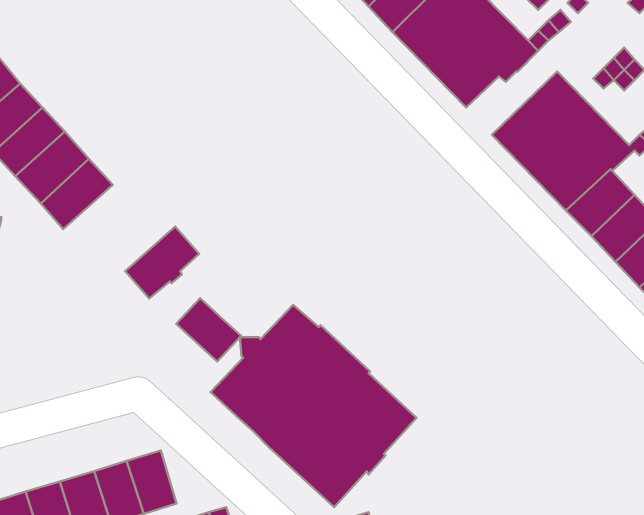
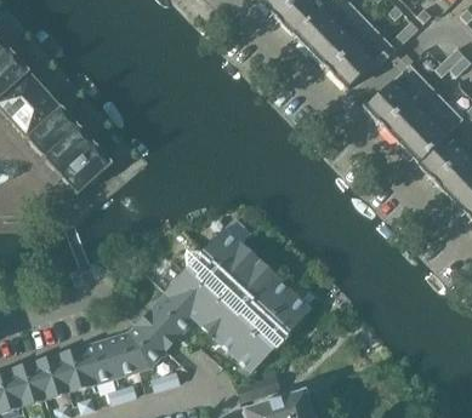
building: [125,227,199,299] -> [61,143,113,194]
building: [176,298,241,362] -> [149,291,195,336]
building: none -> [130,322,166,368]

